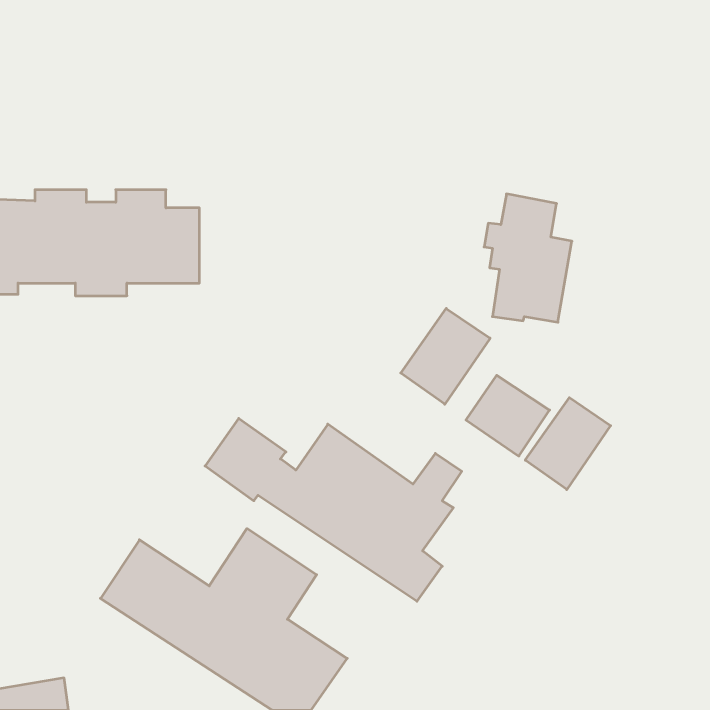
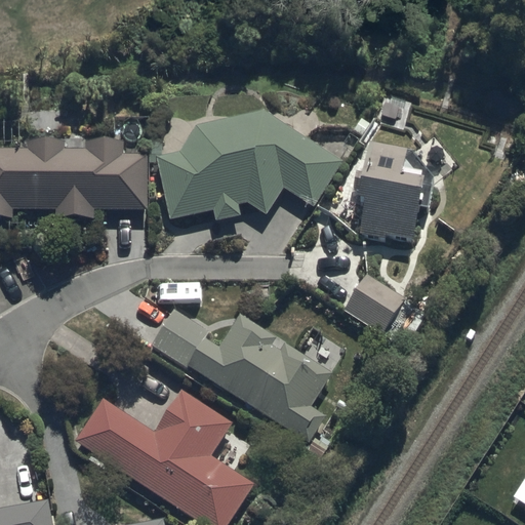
building: none -> [157,111,341,219]
building: [401,308,490,404] -> none
building: [525,398,611,490] -> none

